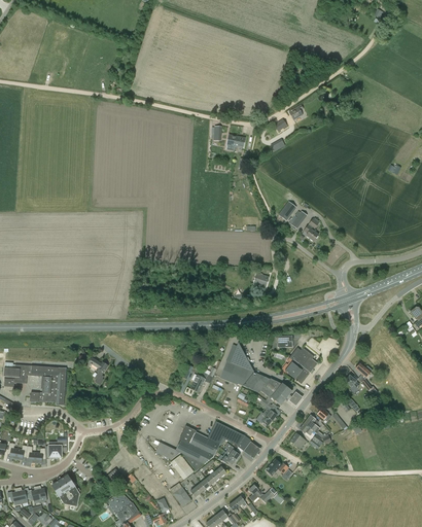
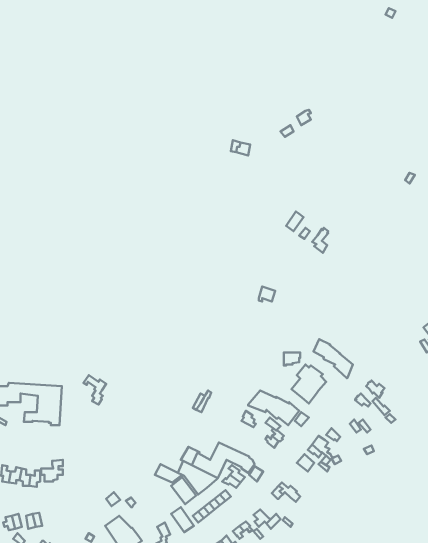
building: none -> [314,339,353,378]
building: [219,342,254,385] -> none
building: [52,475,80,506] -> none

